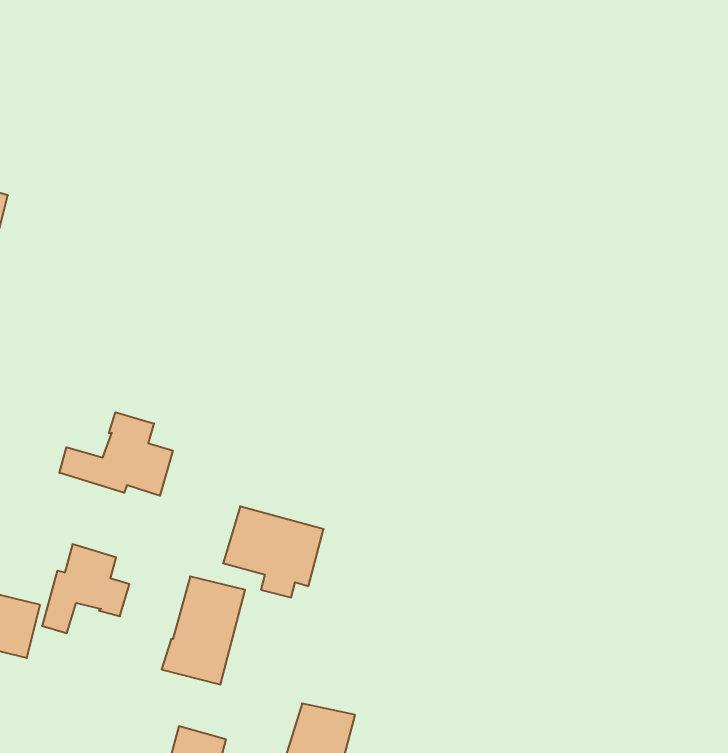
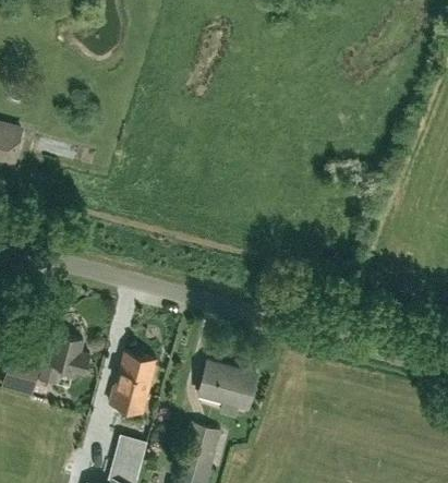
building: [59,412,173,496] -> none
building: [223,506,324,597] -> [198,359,256,411]

